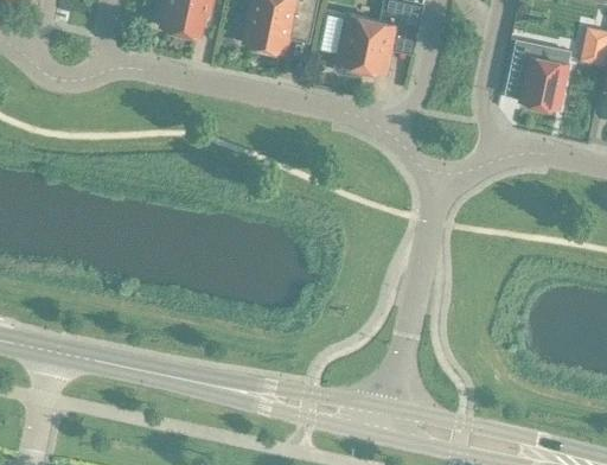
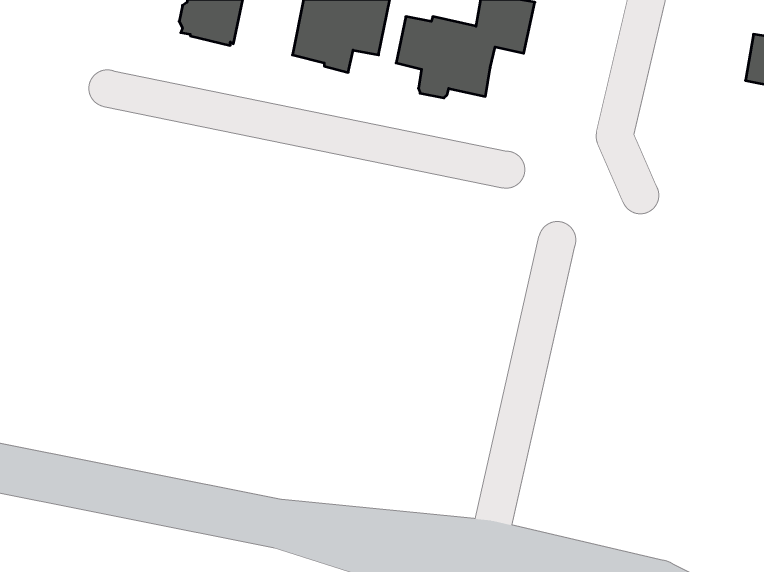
building: [510,39,569,108] -> none

